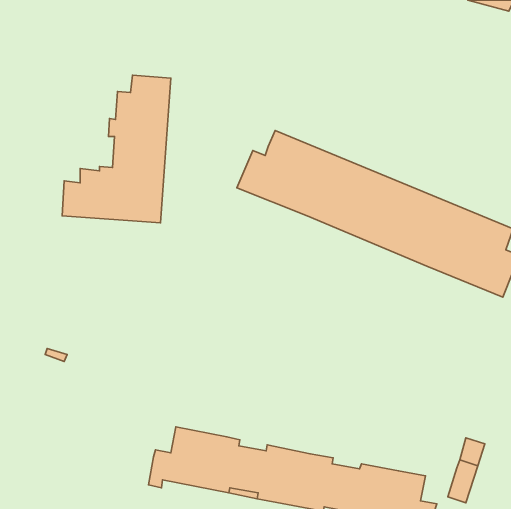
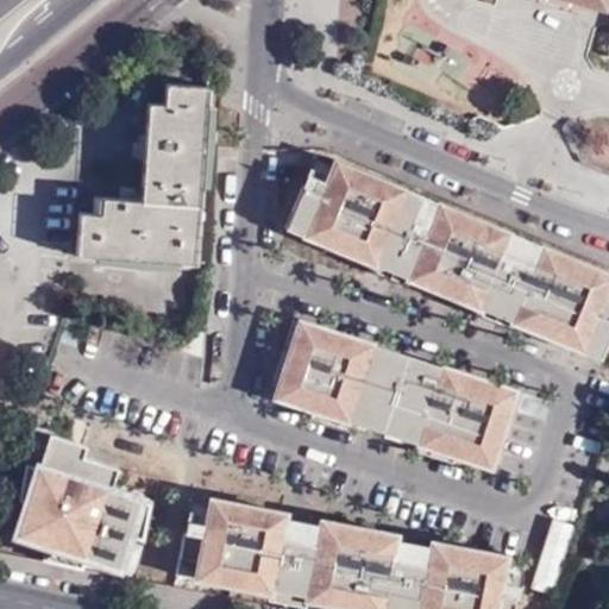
building: none -> [270,320,520,473]
building: none -> [19,438,139,570]

